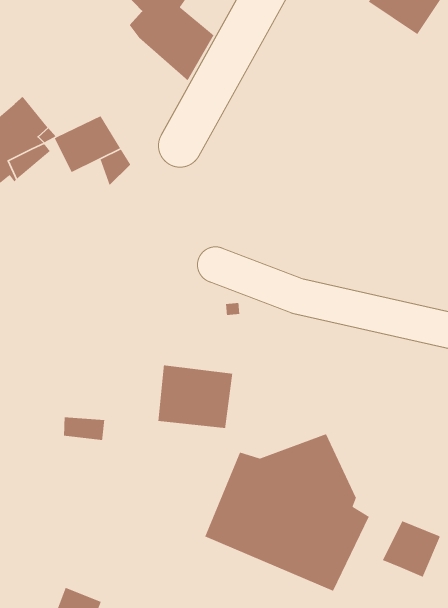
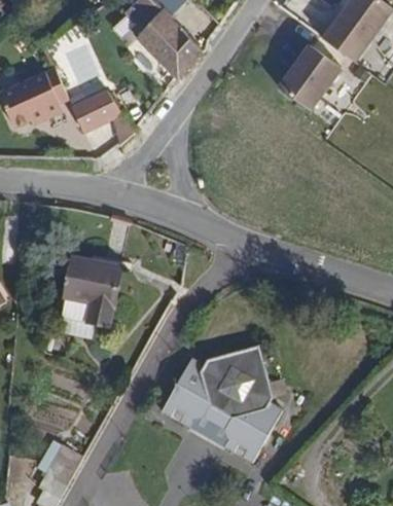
building: none -> [277,44,341,110]
building: [157,364,233,429] -> [64,250,122,301]
building: [382,520,441,578] -> none

